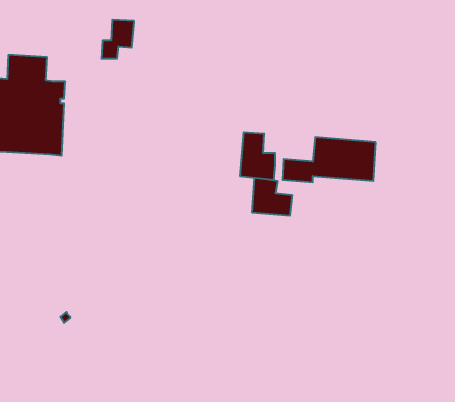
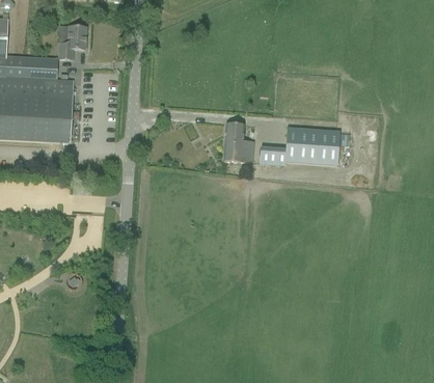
building: [101,20,134,59] -> [58,25,86,58]
building: [252,178,292,216] -> none

